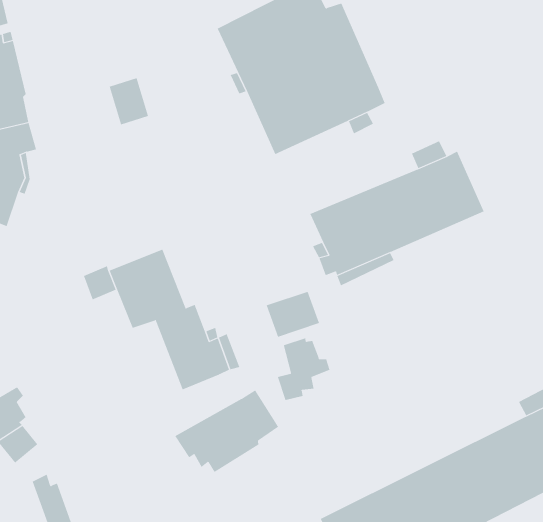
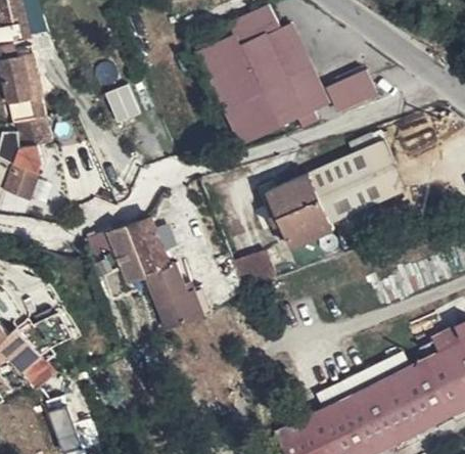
building: none -> [322,70,376,107]
building: [277,337,330,401] -> none
building: [175,390,279,473] -> none

